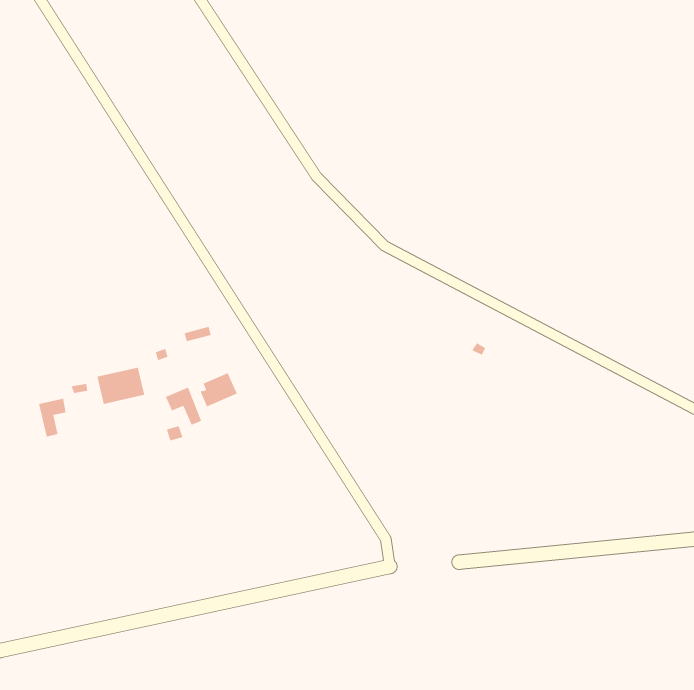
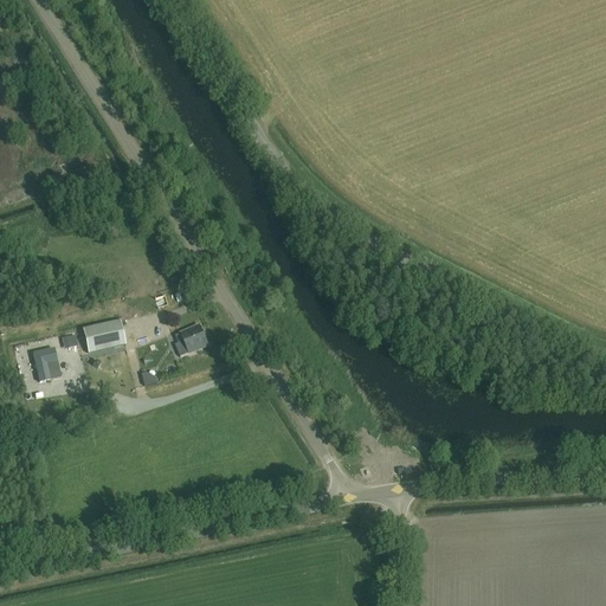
building: [165,387,202,426] -> none

